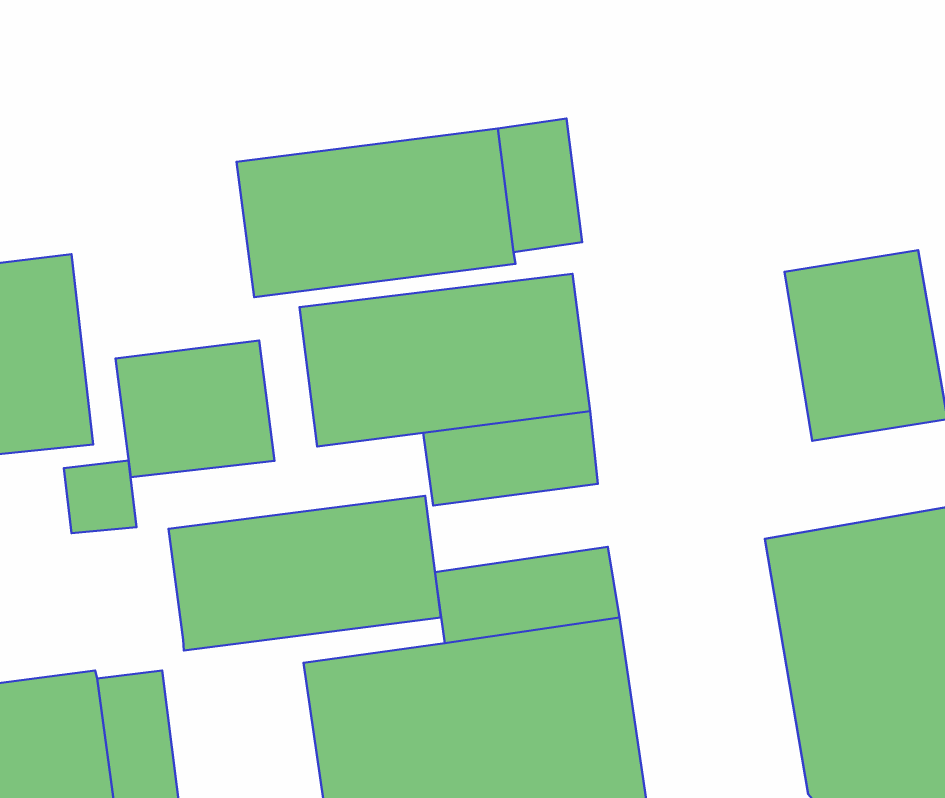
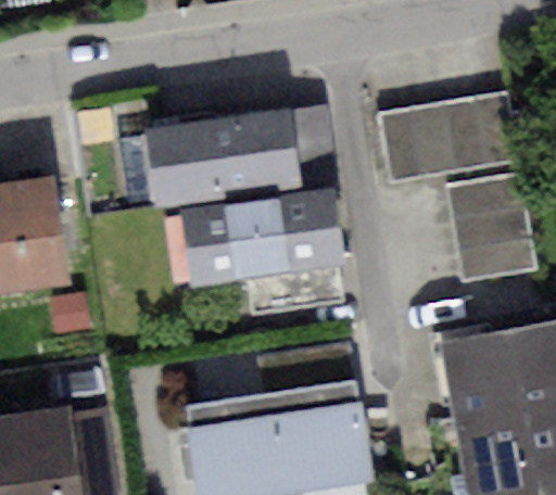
building: none -> [376,92,517,179]
building: [116,340,275,477] -> none
building: [169,496,441,651] -> none

